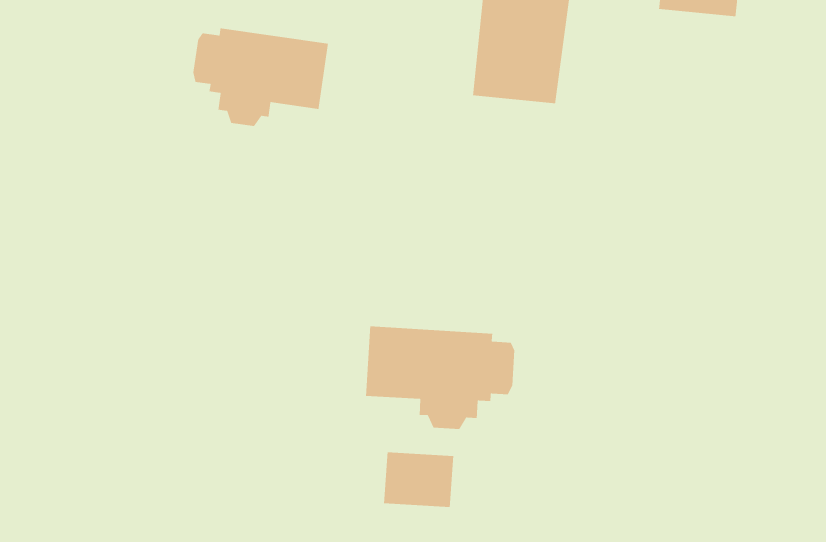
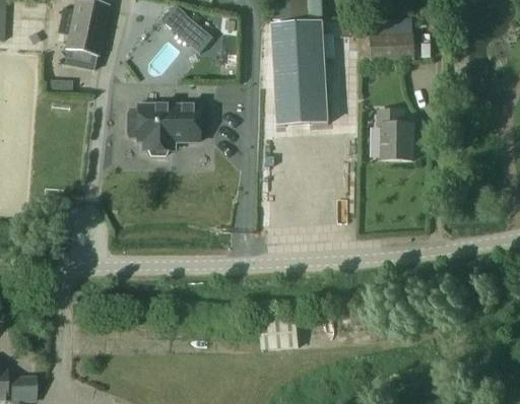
building: none -> [376,107,413,157]
building: [365,326,515,430] -> none

